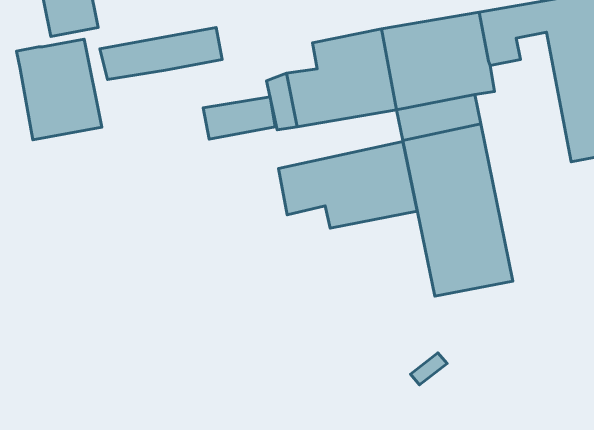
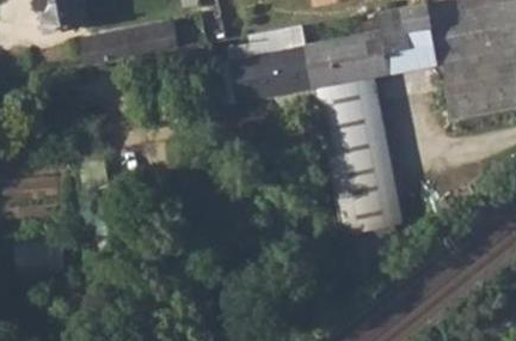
building: [16,39,102,140] -> none
building: [203,97,275,139] -> none
building: [278,141,417,228] -> none

